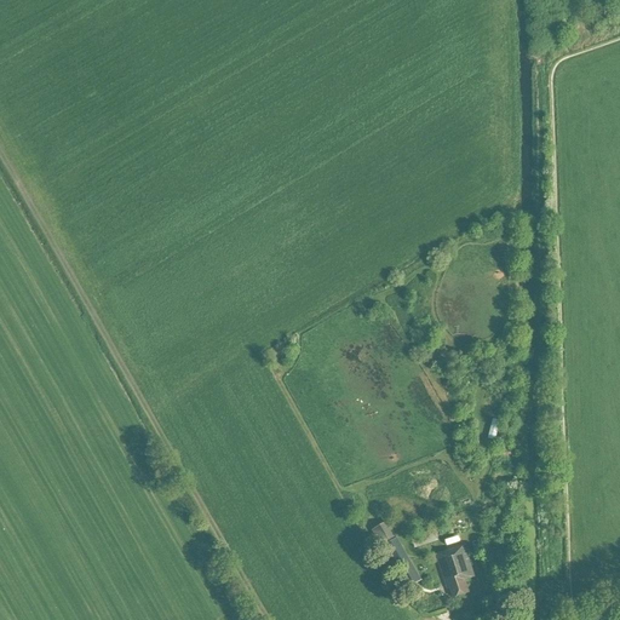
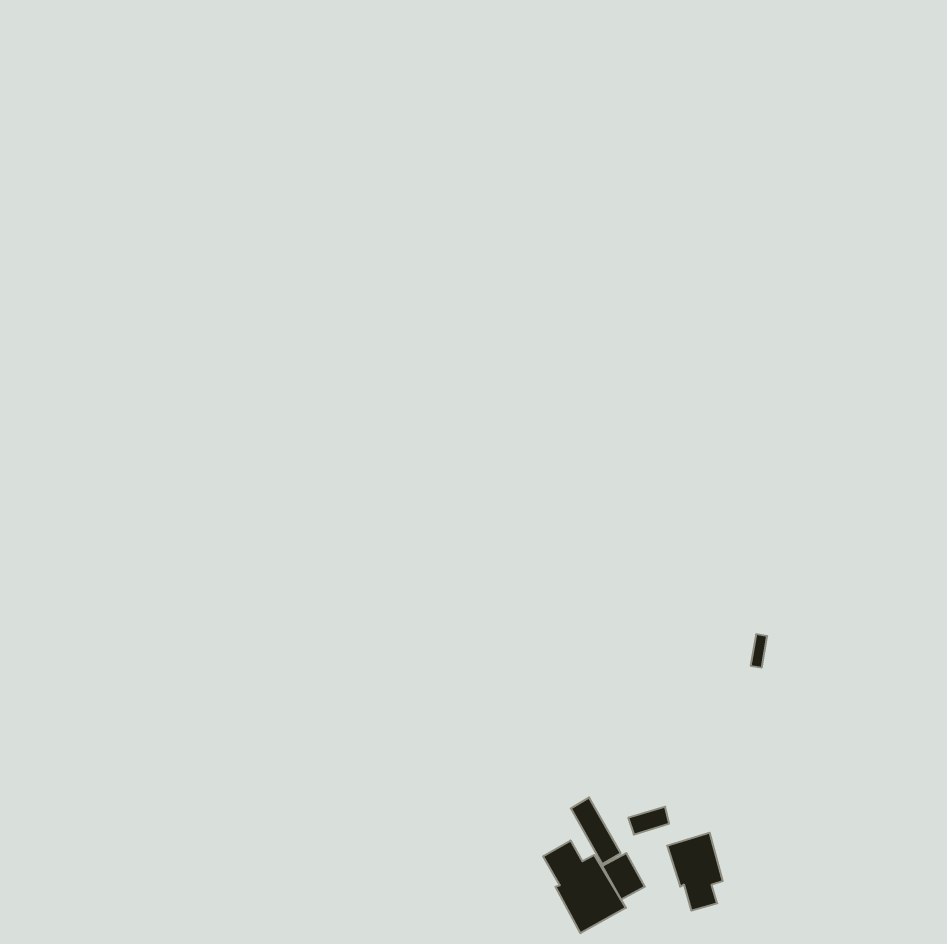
building: none -> [543,840,626,933]

